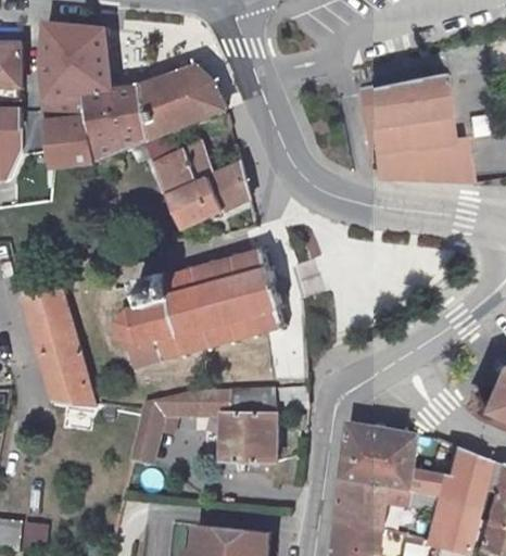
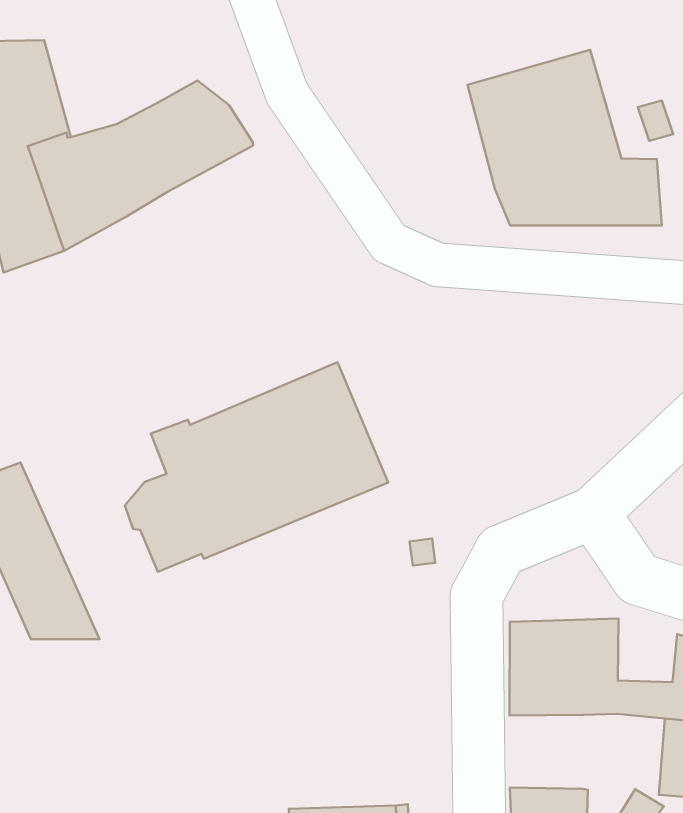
building: [142,131,249,230] -> none
building: [127,387,305,475] -> none
building: [333,481,384,532] -> none

